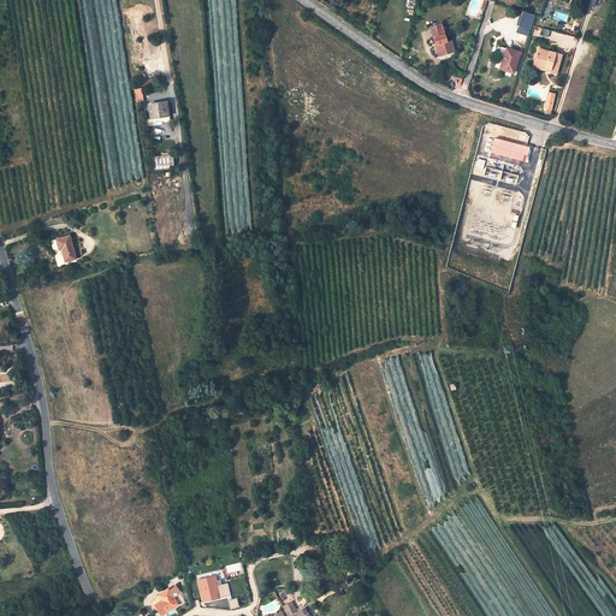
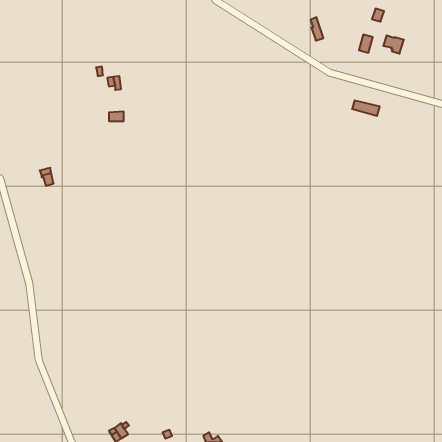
building: [197,576,230,602] -> none

